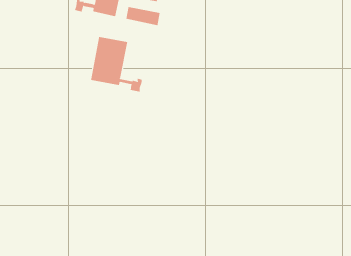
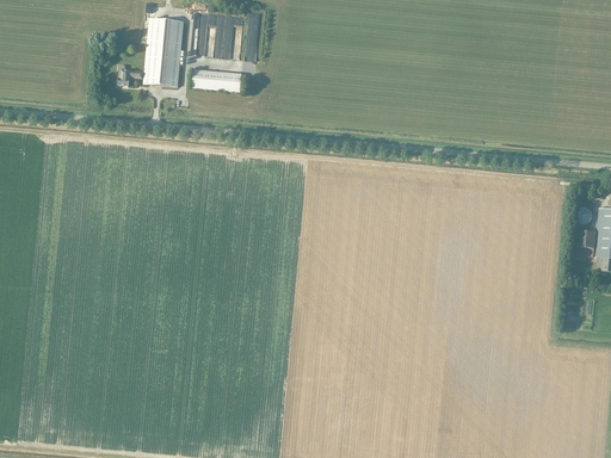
building: [90,36,142,92] -> none

